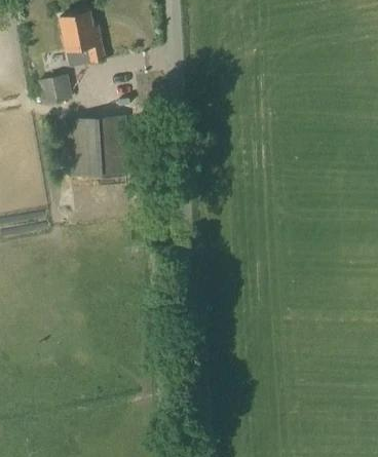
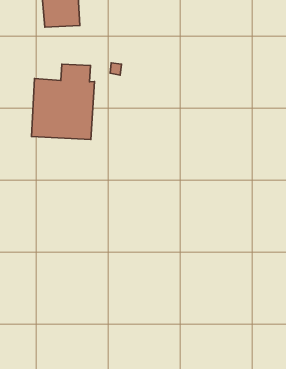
building: [39,74,74,104] -> none

